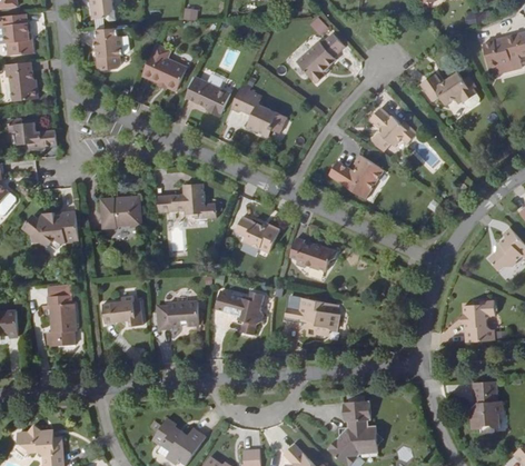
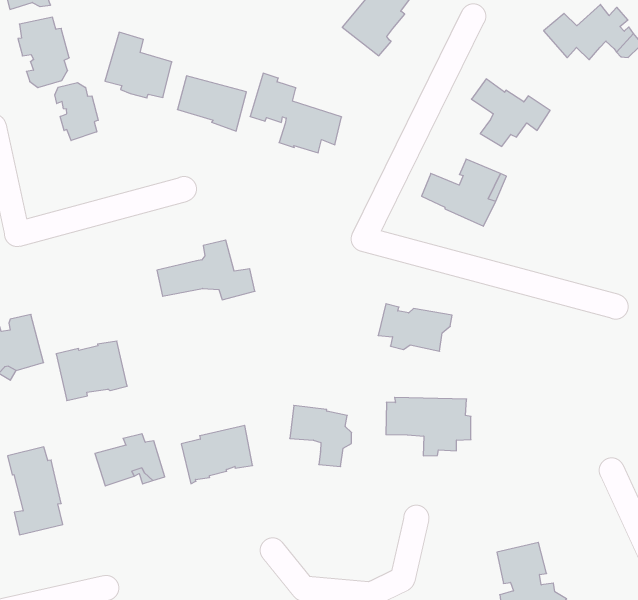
building: none -> [55,83,98,141]
building: [101,196,142,228] -> [56,341,127,401]
building: [235,216,279,251] -> none

